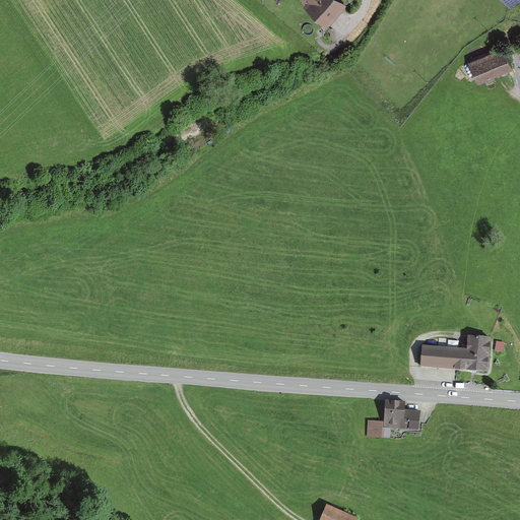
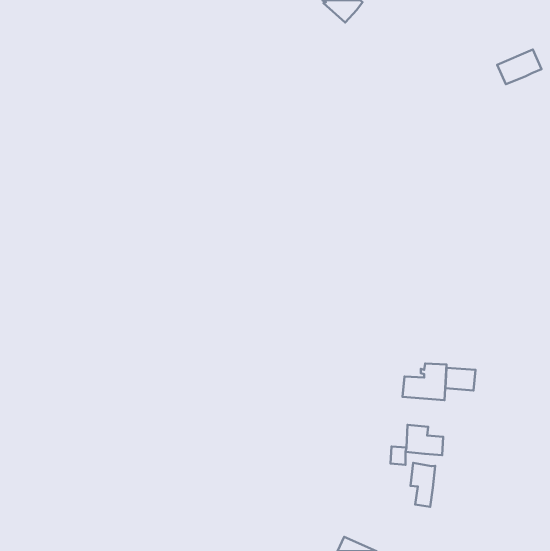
building: [447,336,489,371] -> [402,364,447,400]
building: none -> [411,463,435,507]

